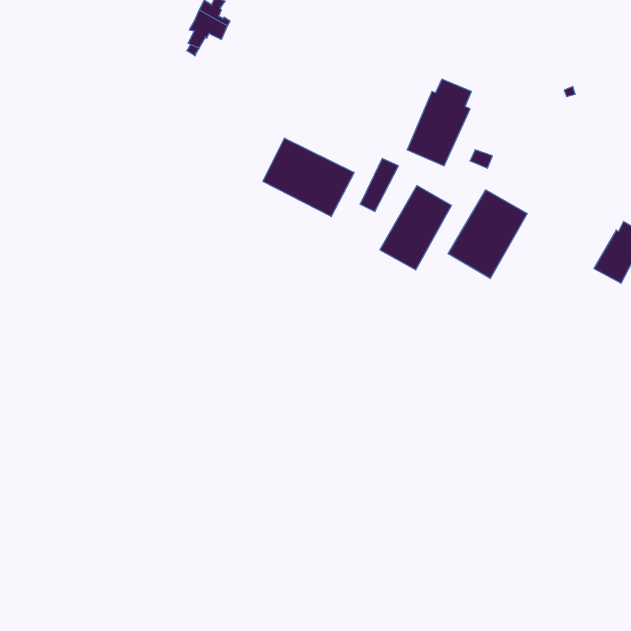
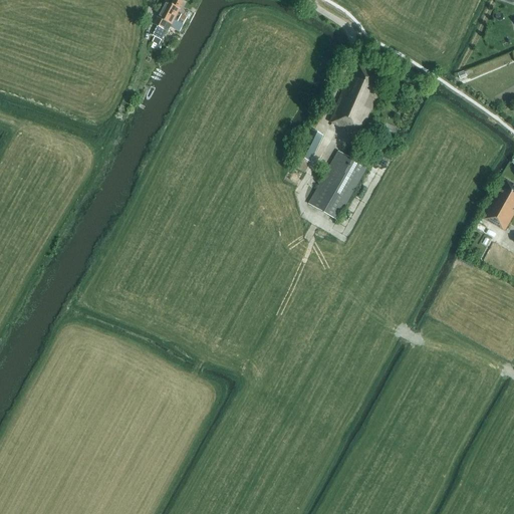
building: [263,138,354,217] -> none
building: [448,190,527,279] -> none

